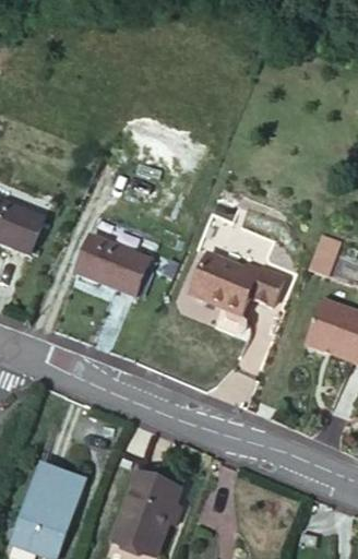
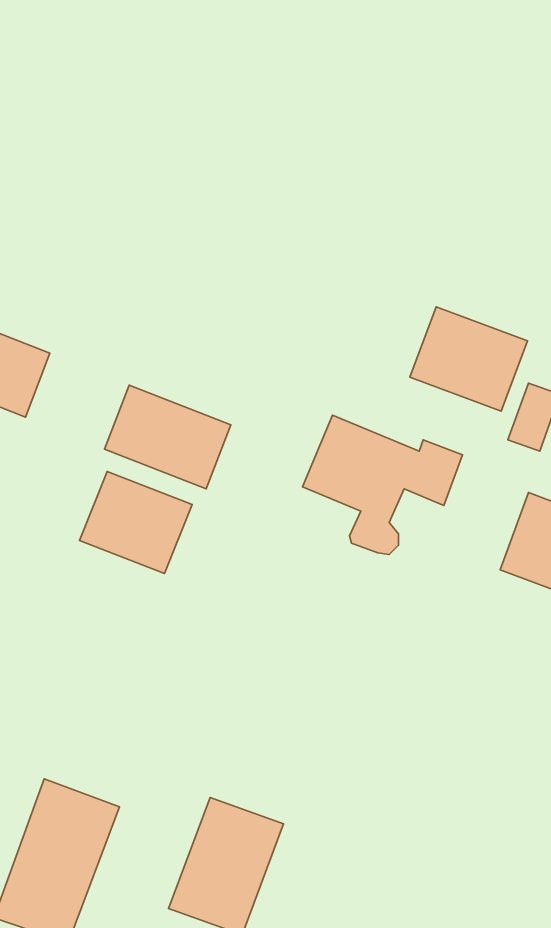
building: none -> [410,307,527,411]
building: none -> [79,471,192,573]

